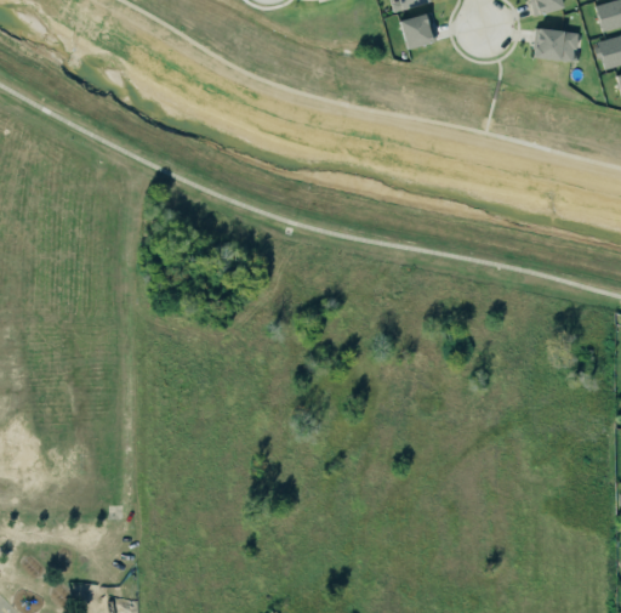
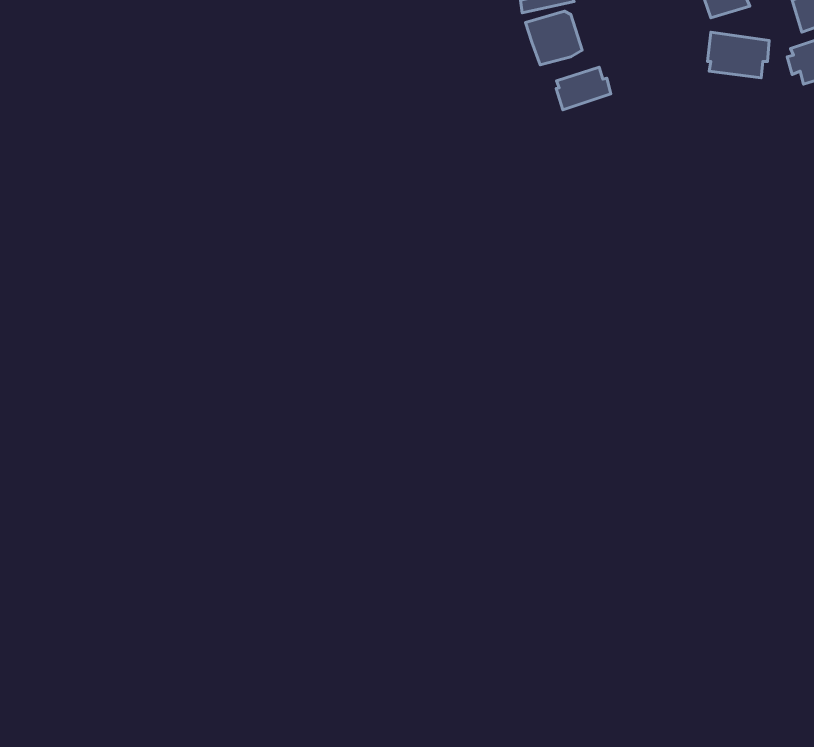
building: none -> [556,67,611,110]

